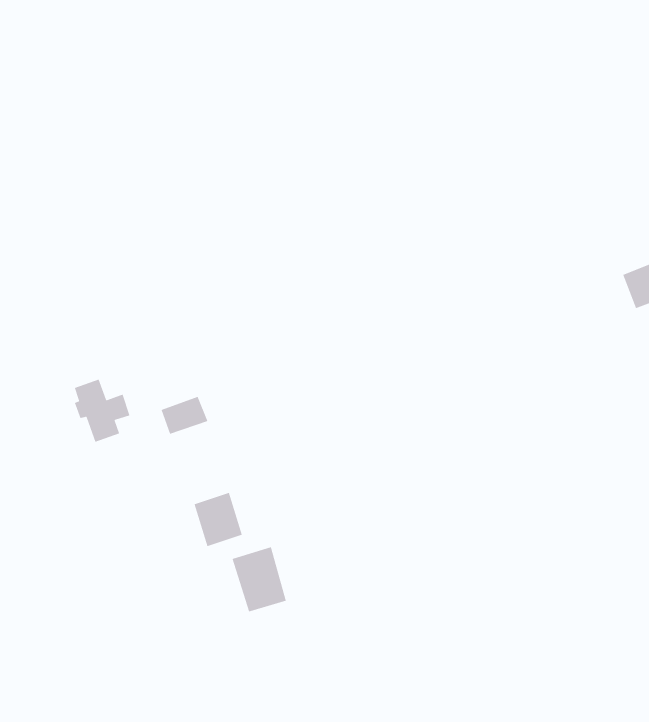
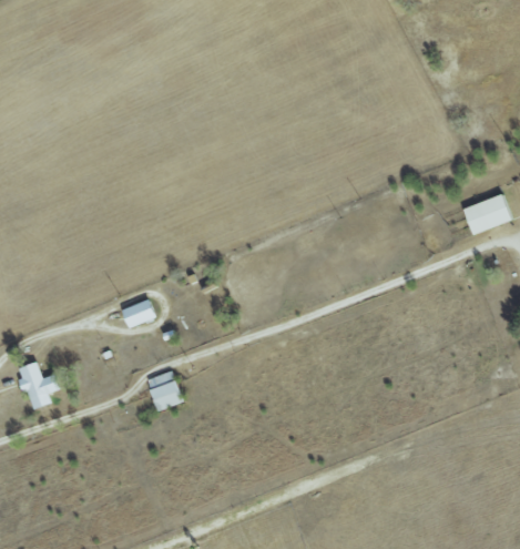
building: [74,379,131,443] -> [18,362,60,409]
building: [232,546,287,612] -> none

